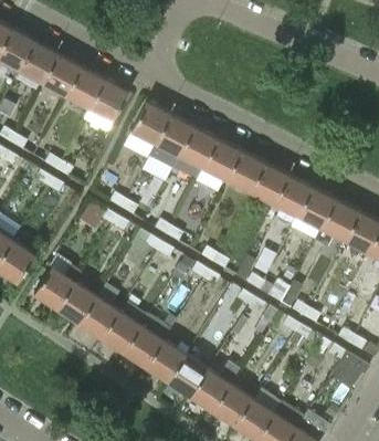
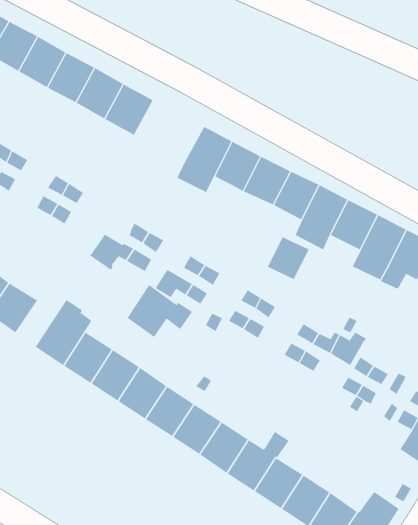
building: [130,102,170,143] -> none
building: none -> [267,236,309,280]
building: none -> [127,284,193,338]

